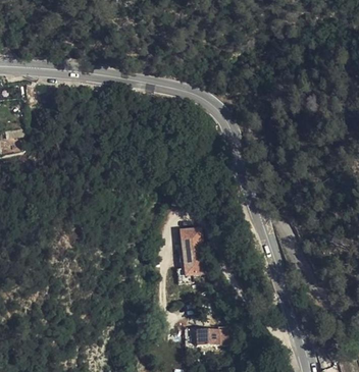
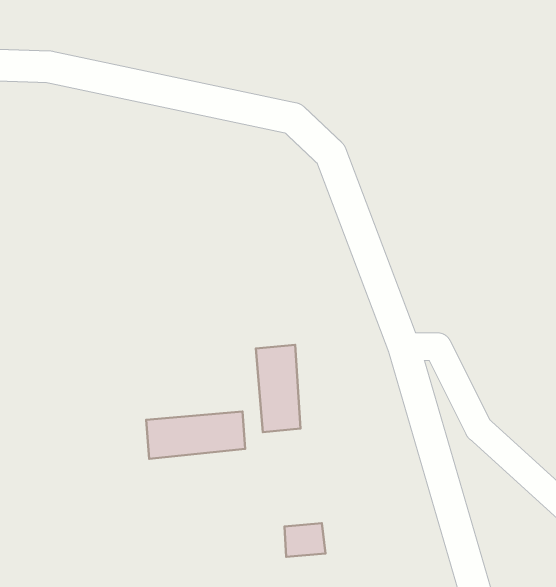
building: none -> [146,412,245,459]

